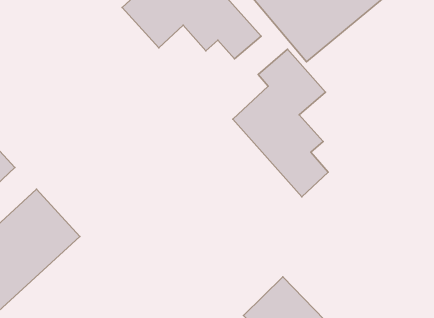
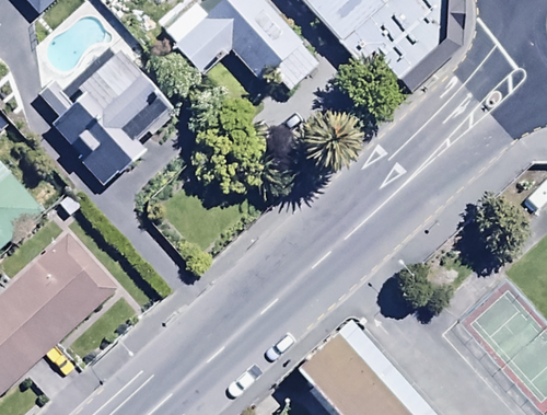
building: none -> [40,43,178,181]
building: [233,49,328,197] -> none

